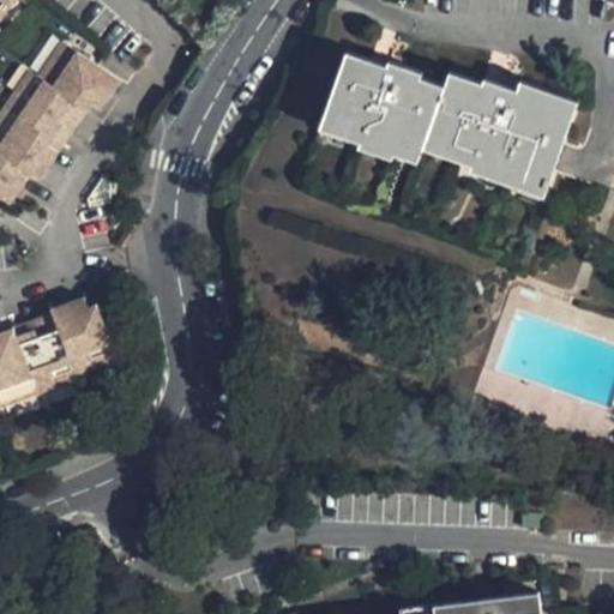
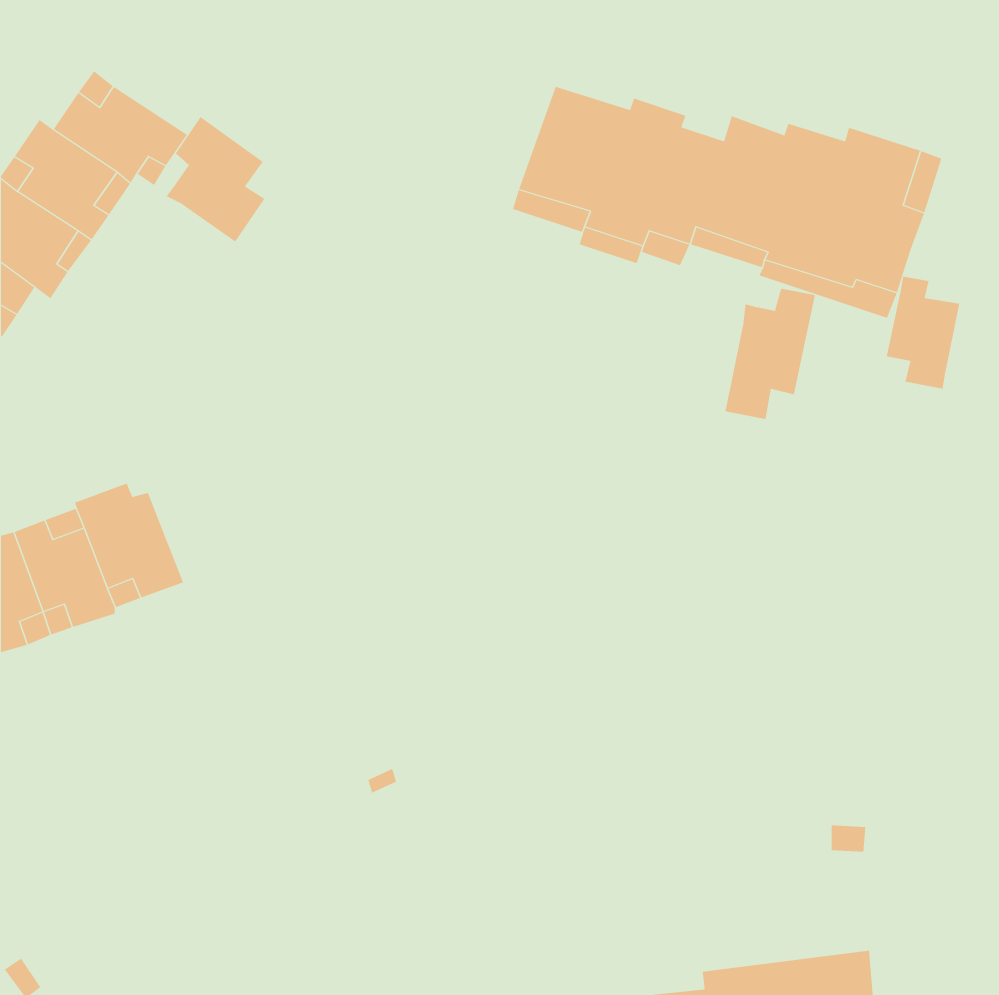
building: none -> [166,116,265,243]
building: none -> [886,276,960,389]
building: none -> [725,288,816,420]

